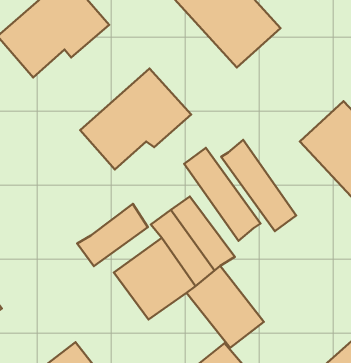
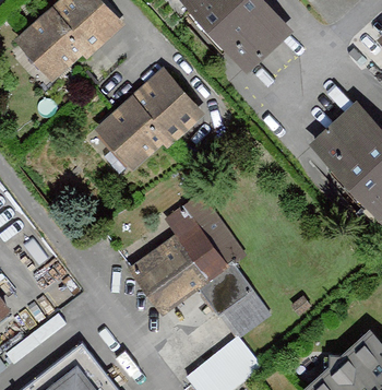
building: [221,140,296,231] -> none
building: [184,148,261,241] -> none
building: [77,204,148,266] -> none

